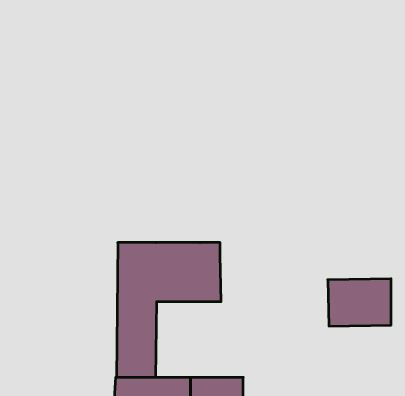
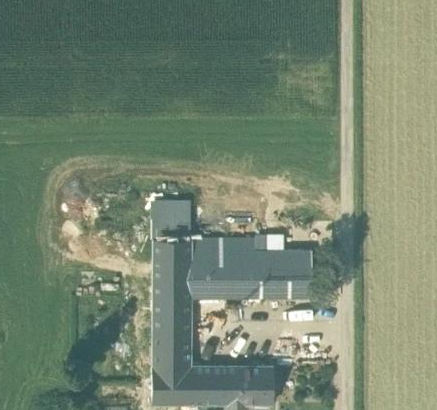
building: none -> [154,208,190,240]
building: [328,279,391,326] -> [251,251,311,296]

